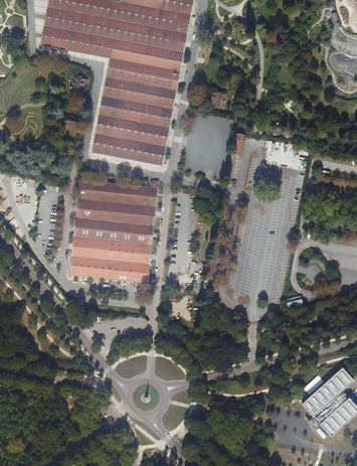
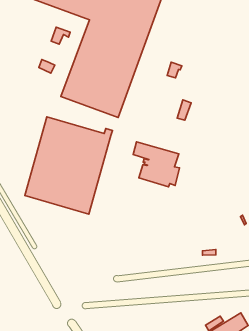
building: none -> [133,142,180,187]

